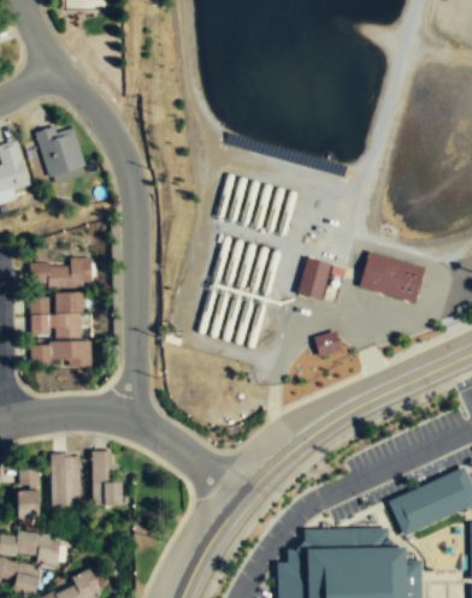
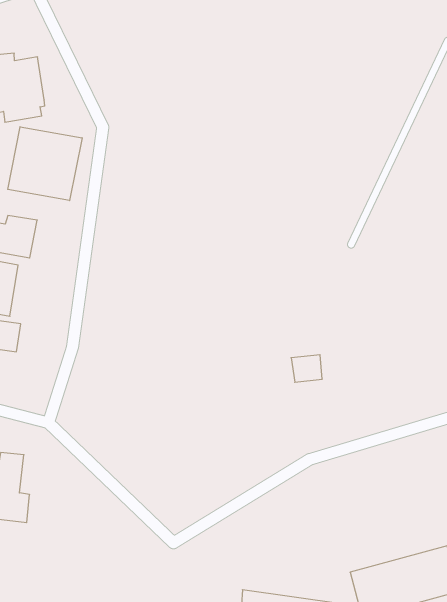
building: none -> [8,127,82,201]
building: [359,254,425,302] -> none
building: [299,259,330,301] -> none

